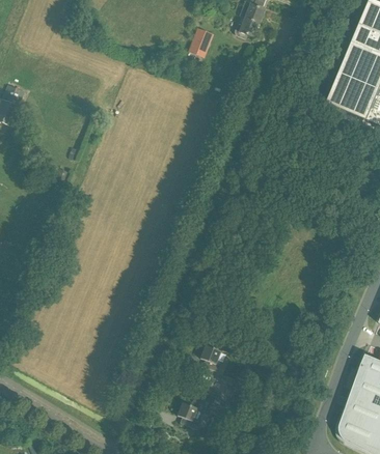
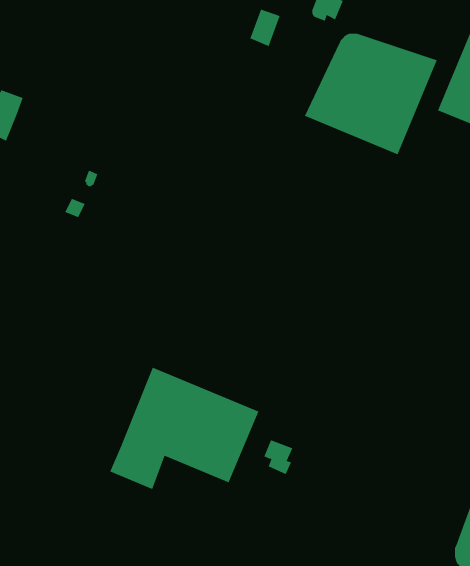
building: none -> [304,33,437,155]
building: none -> [109,367,259,490]
building: [177,401,203,428] -> none

